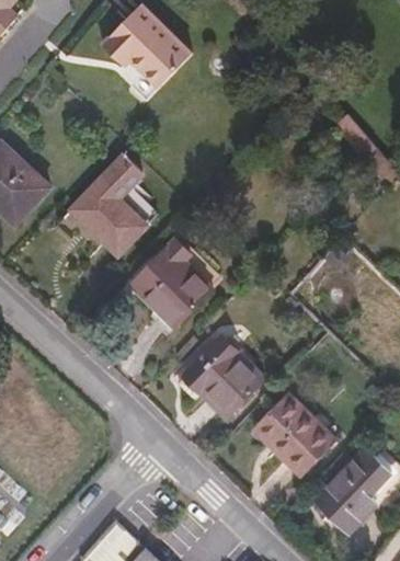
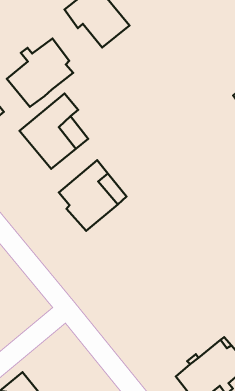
building: none -> [7,39,73,107]
building: [174,333,267,420] -> none
building: [258,393,334,477] -> none

